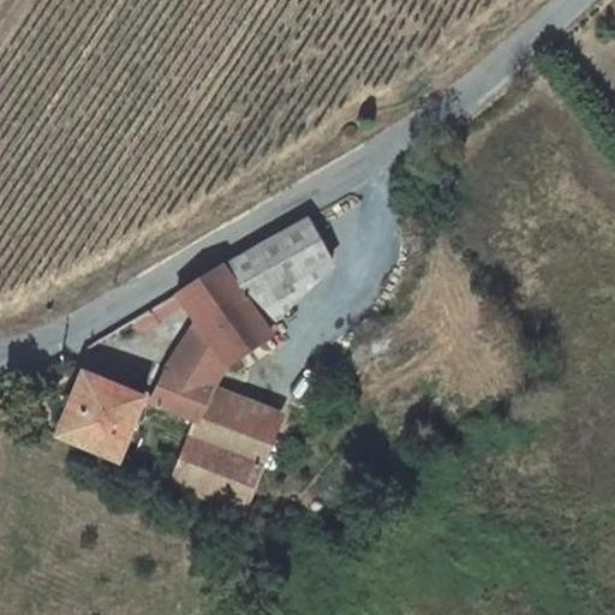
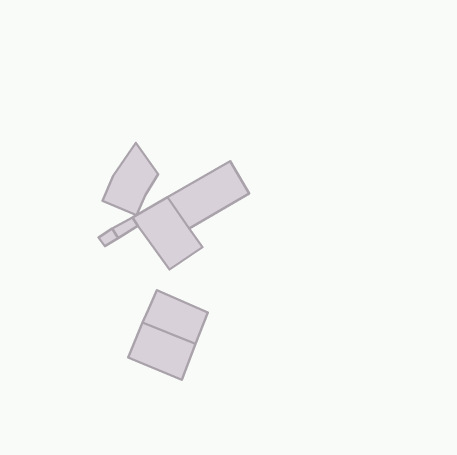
building: [153,320,227,417] -> [103,143,158,215]
building: [58,371,144,456] -> none

